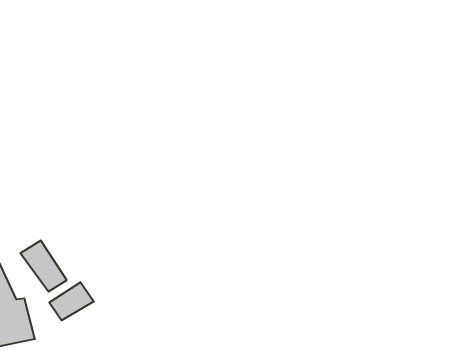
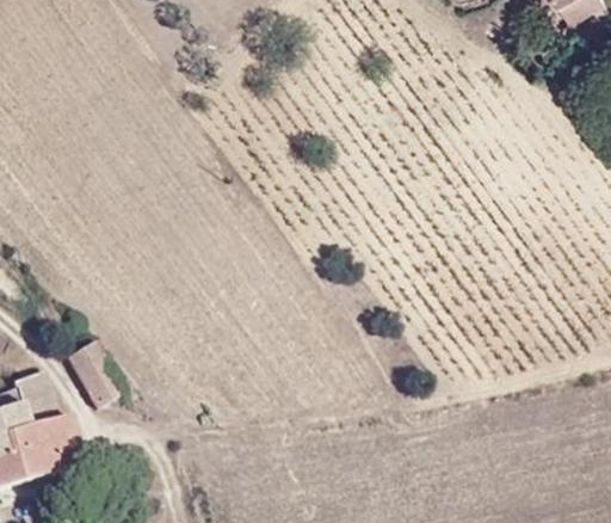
building: [49,282,94,320] -> none

